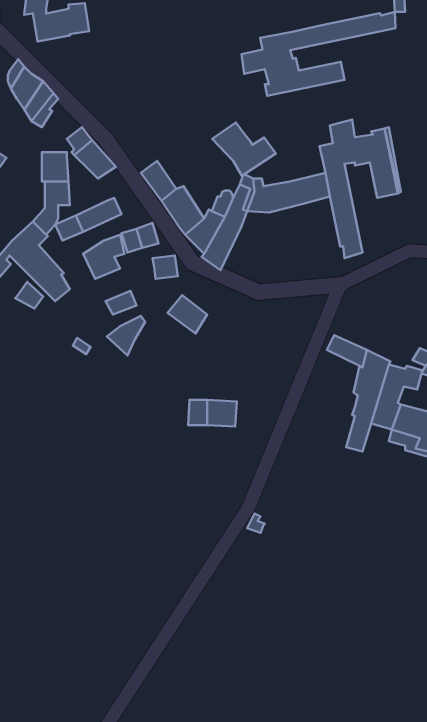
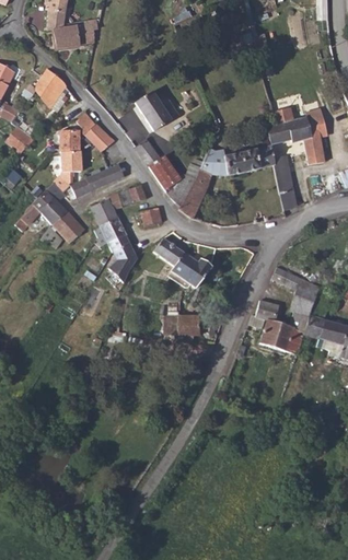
building: [242,12,396,96] -> none
building: [212,123,276,176] -> [132,92,179,131]
building: none -> [94,218,126,245]
building: none -> [172,252,211,288]
building: none -> [248,299,292,350]

